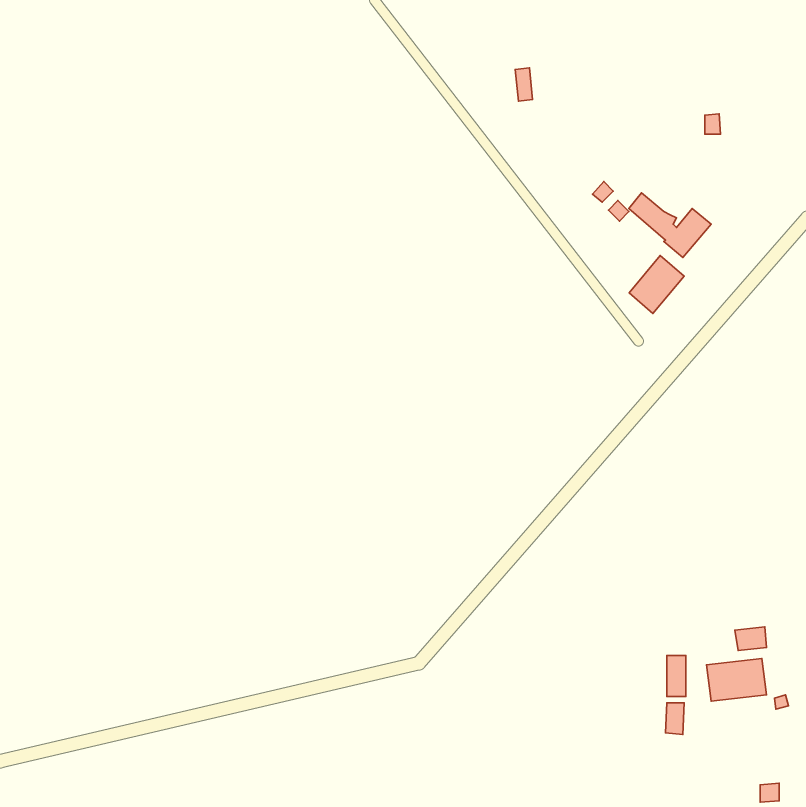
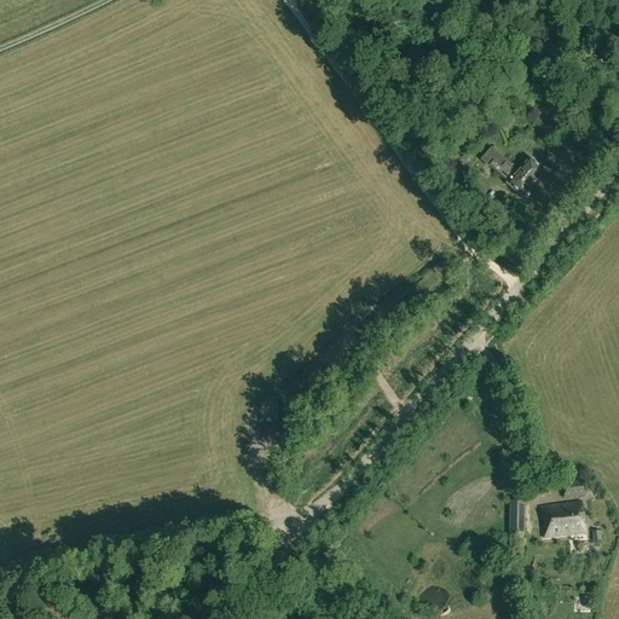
building: [629,255,684,313] -> none

